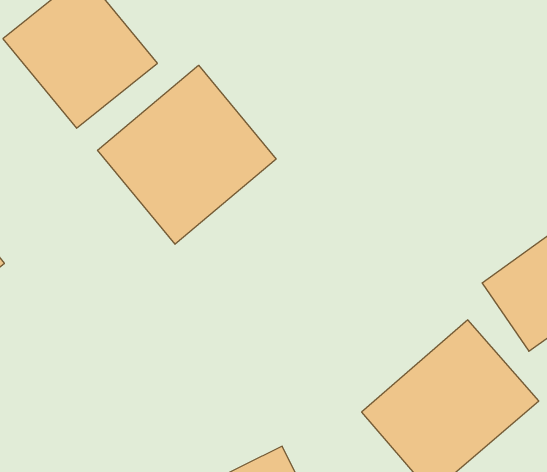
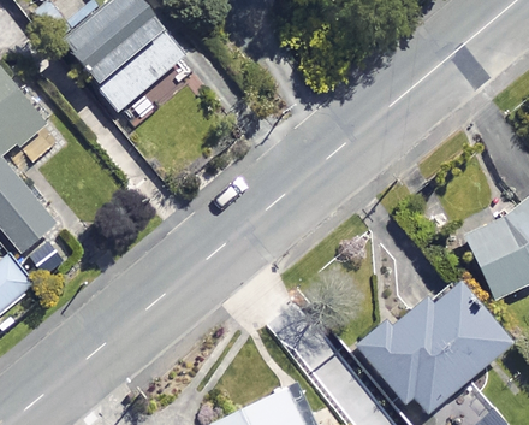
building: [98,65,276,244] -> none

